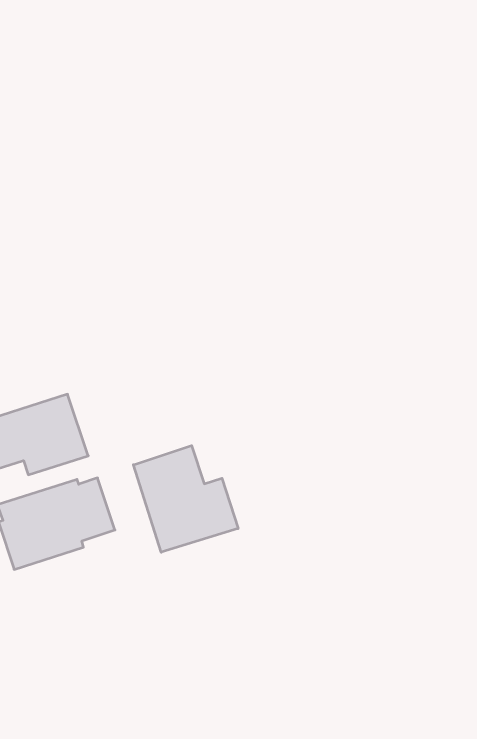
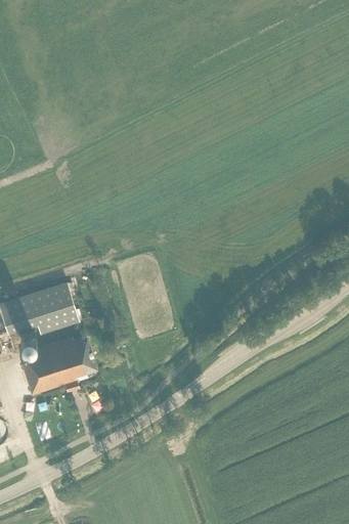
building: [133,446,238,552] -> none

